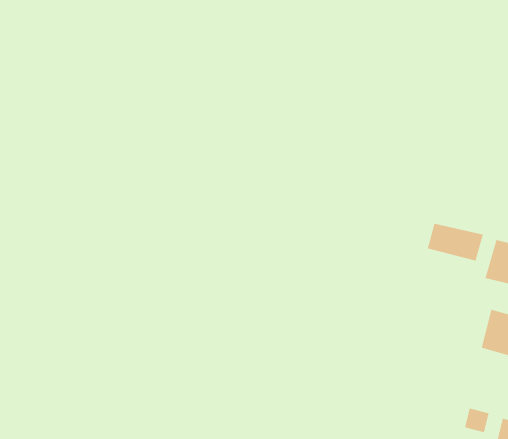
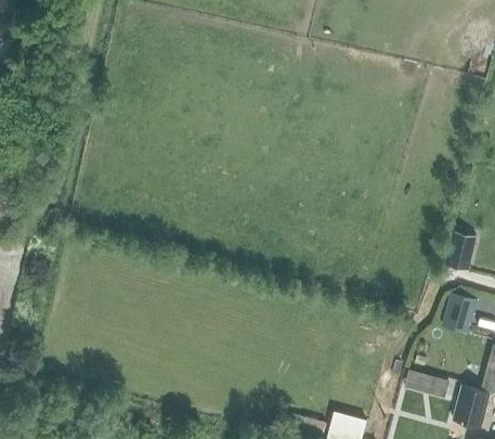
building: [427,223,484,262] -> none

